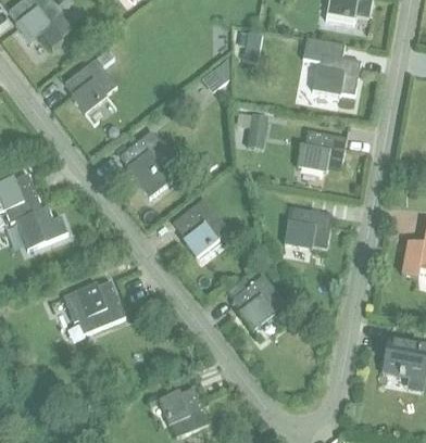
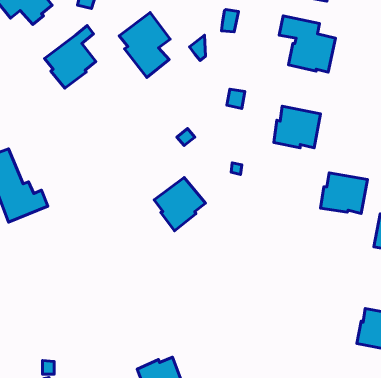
building: [118,130,171,197] -> [119,13,170,77]
building: [283,207,330,249] -> [321,173,367,213]
building: [225,274,283,328] -> none
building: [62,280,125,333] -> none

